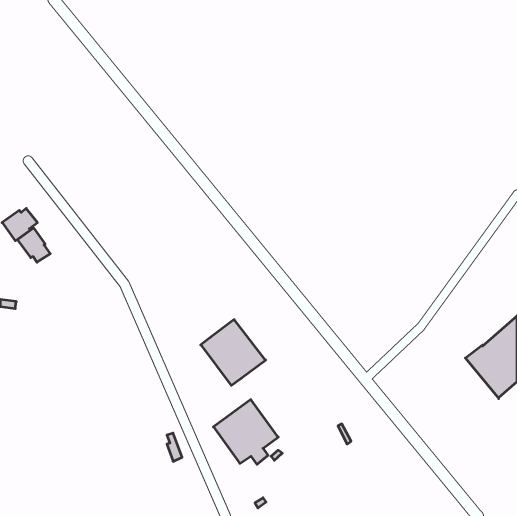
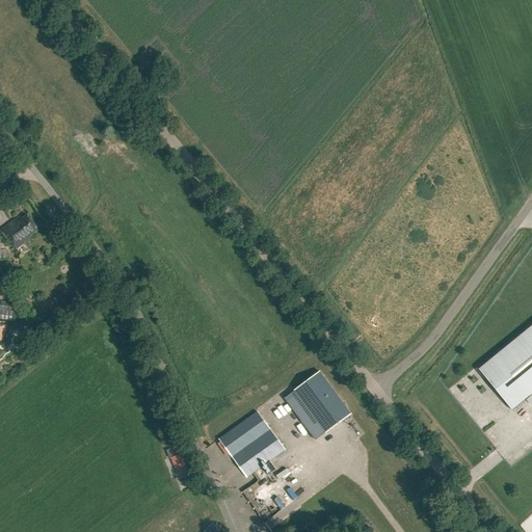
building: [17,228,50,262] -> none
building: [201,320,266,385] -> [285,371,351,438]

